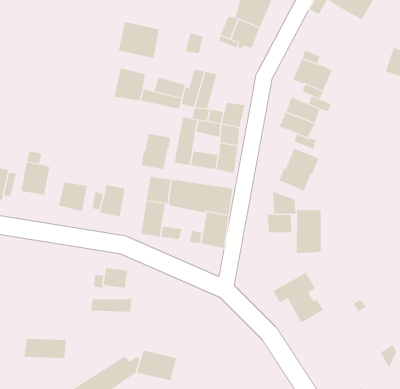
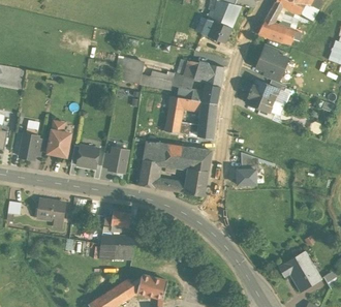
building: none -> [257,21,294,43]
building: [118,21,159,59] -> none
building: none -> [194,63,223,84]
building: [141,133,171,170] -> none
building: [279,148,319,191] -> none
building: [296,210,321,254] -> none
building: none -> [38,199,65,221]
building: [273,272,324,323] -> [279,252,318,291]
building: [23,338,66,359] -> [99,245,132,260]

